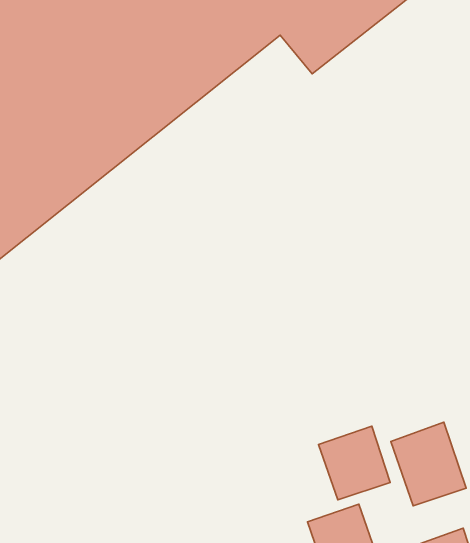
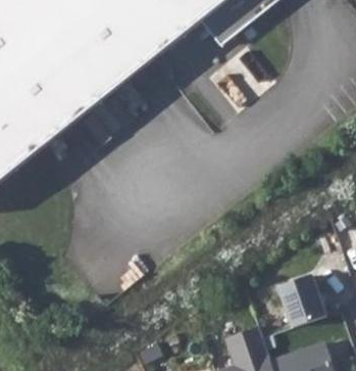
building: [319,426,390,500] -> none

